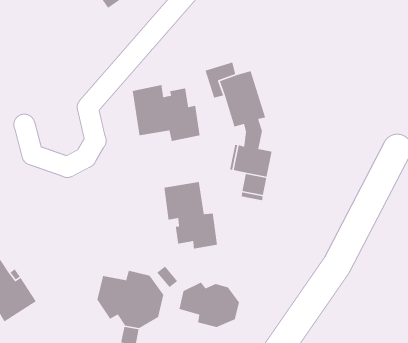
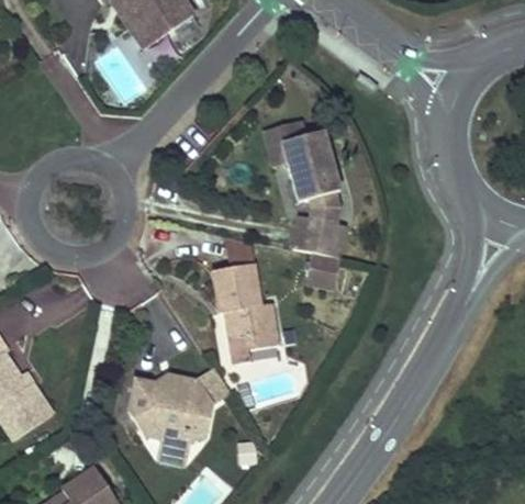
building: [132,84,201,142] -> none
building: [178,282,240,328] -> none

